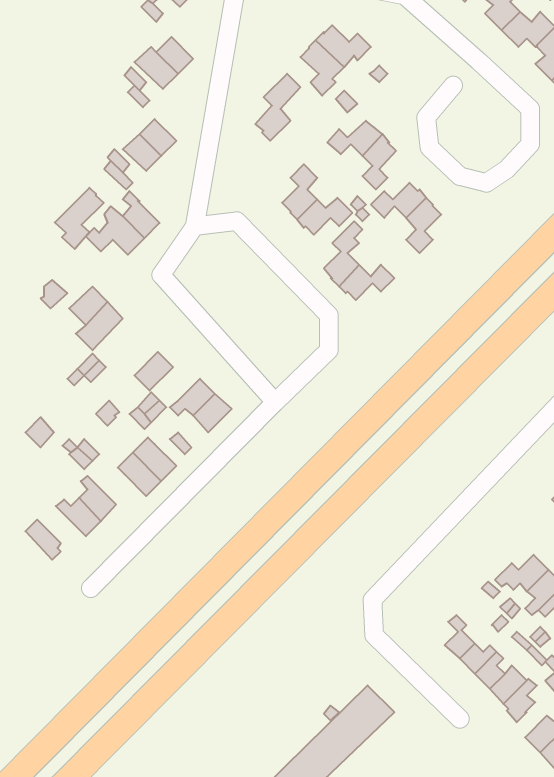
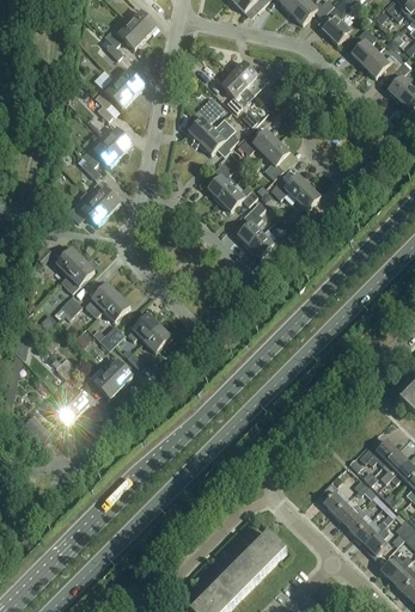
building: none -> [199,121,238,153]
building: [55,188,104,249] -> none
building: none -> [85,282,118,317]

